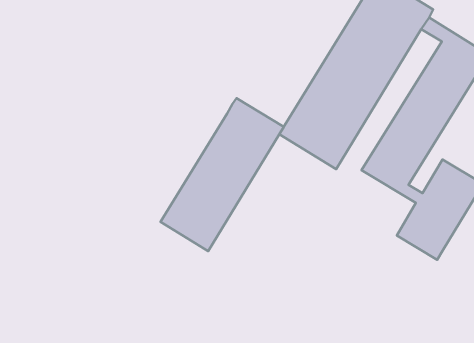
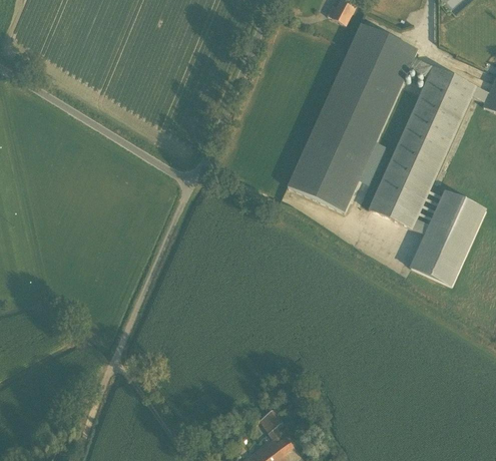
building: [160,98,284,251] -> none

